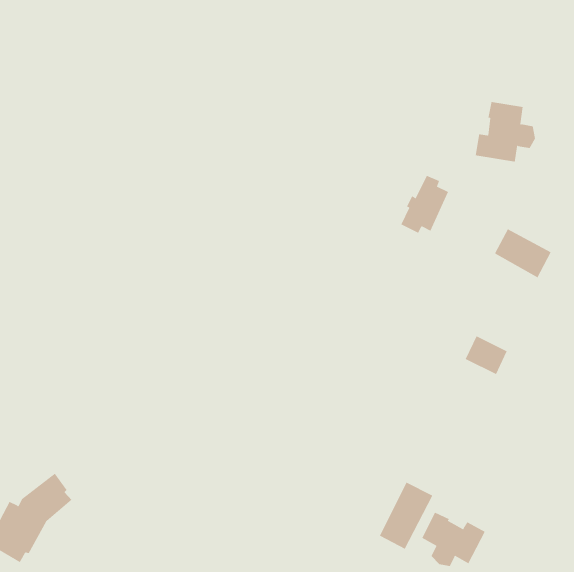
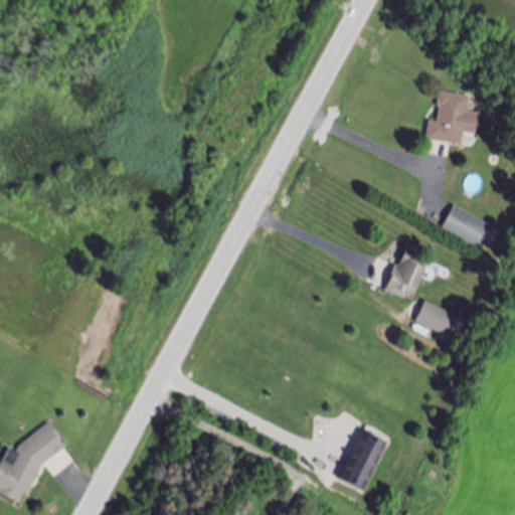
building: [401,175,449,234] -> [384,245,427,298]
building: [421,512,486,567] -> none

